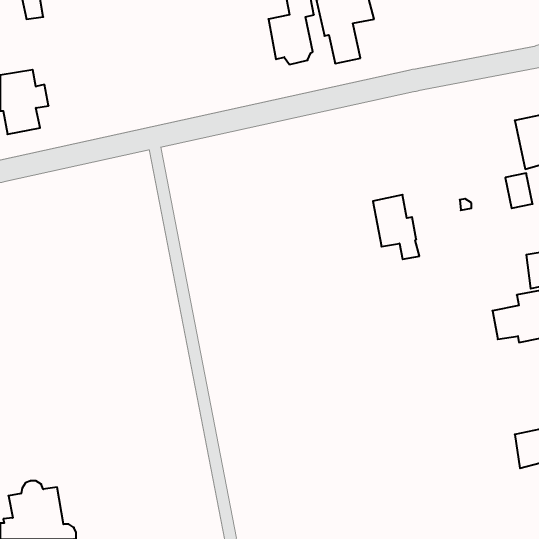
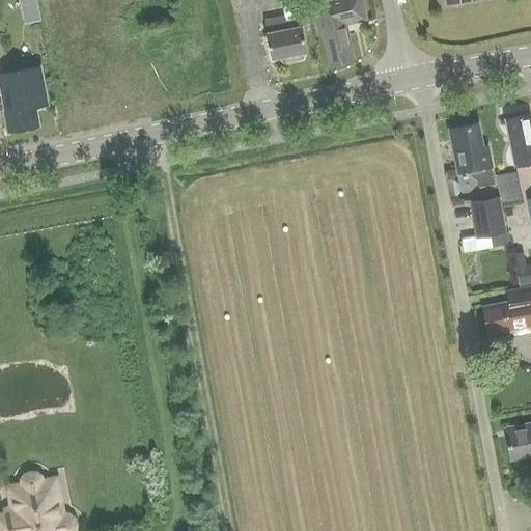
building: [373,195,419,259] -> [450,122,496,186]
building: none -> [470,196,510,248]

